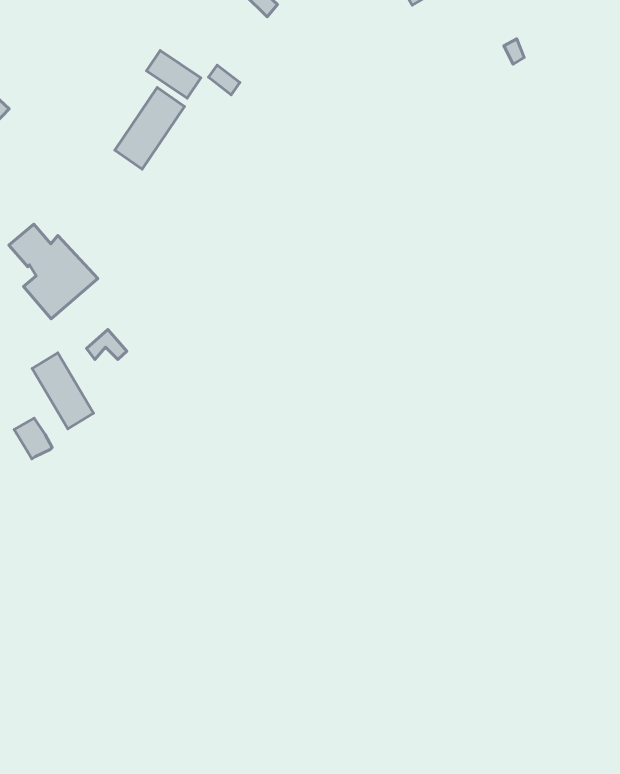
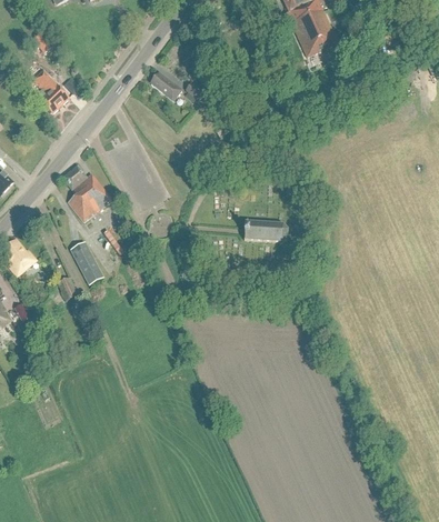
building: [115,87,185,169] -> none
building: none -> [243,220,287,240]

